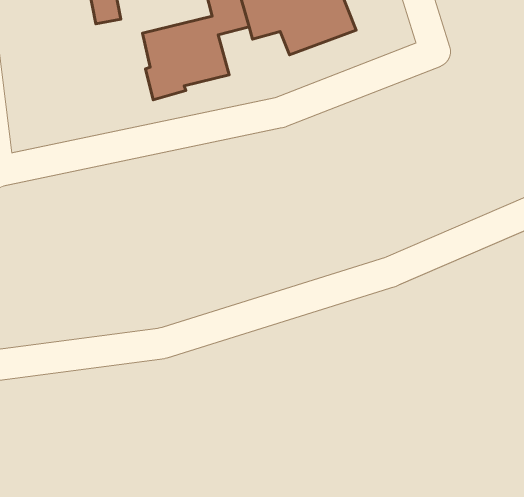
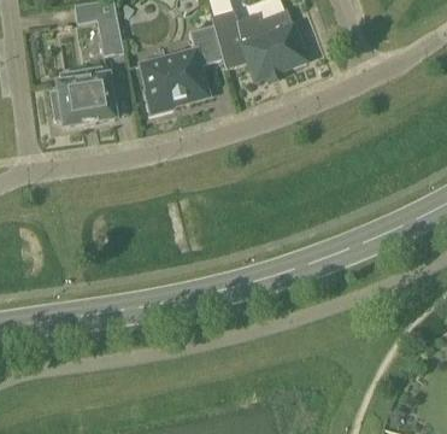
building: none -> [49,75,113,125]

